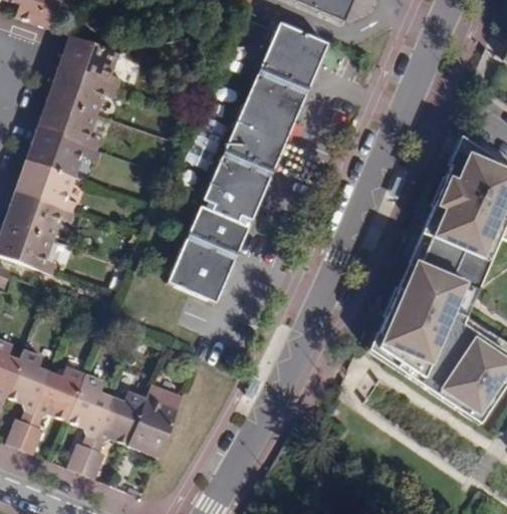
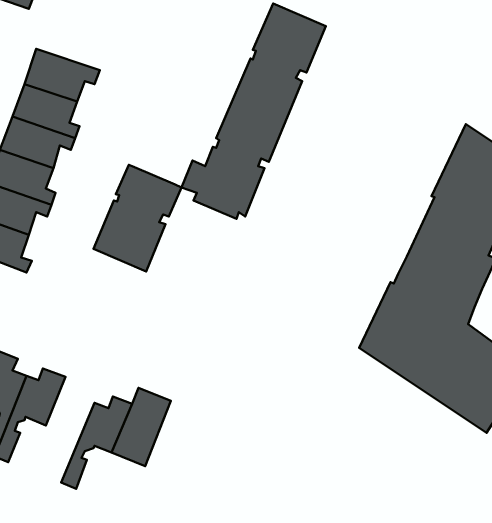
building: [58,34,120,85] -> none
building: [169,206,251,305] -> [93,165,182,272]
building: [67,371,112,470] -> none

